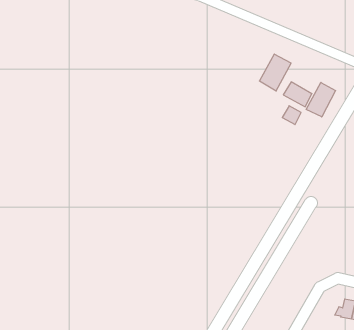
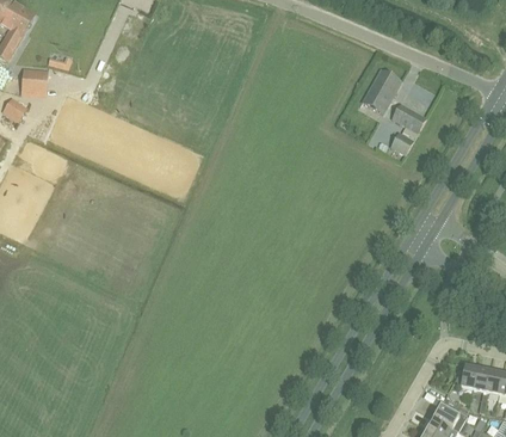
building: [306,82,336,117] -> none

